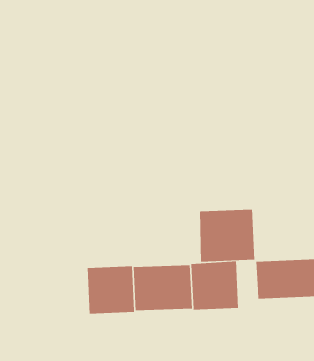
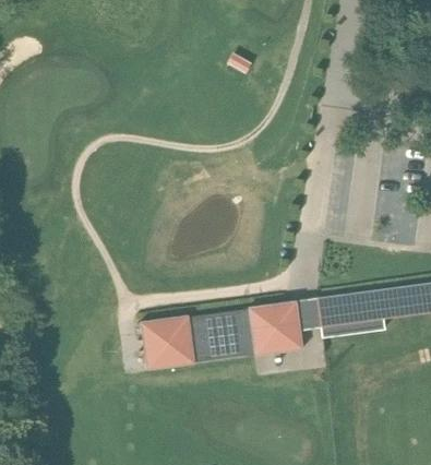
building: [199,209,255,263] -> none

